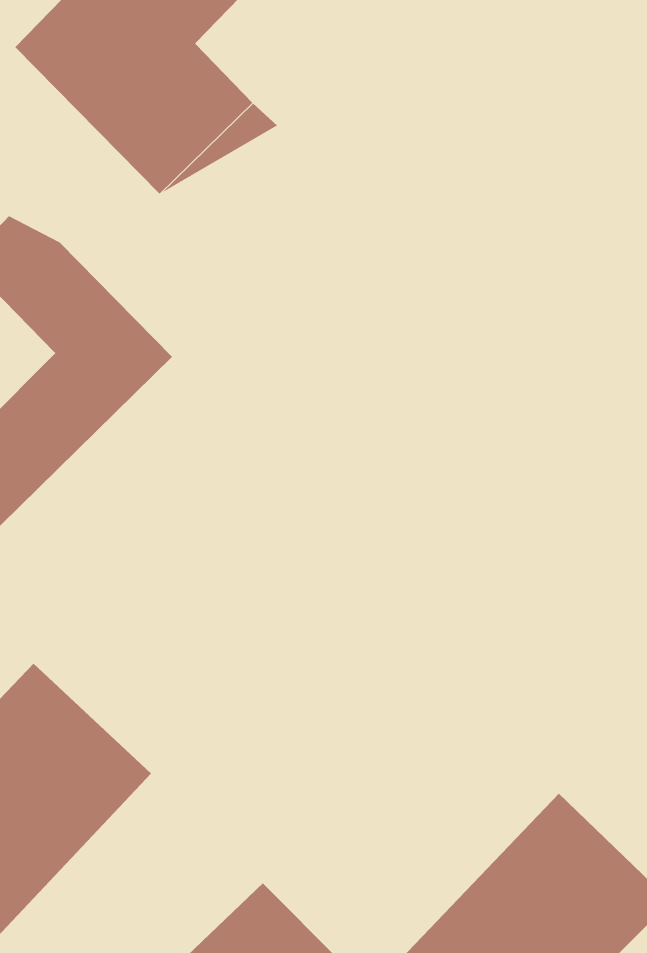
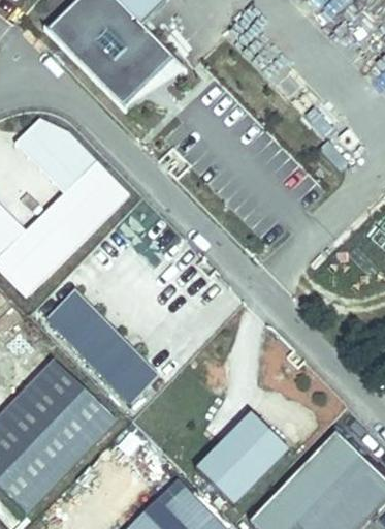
building: none -> [46,290,159,403]
building: none -> [196,411,288,505]

